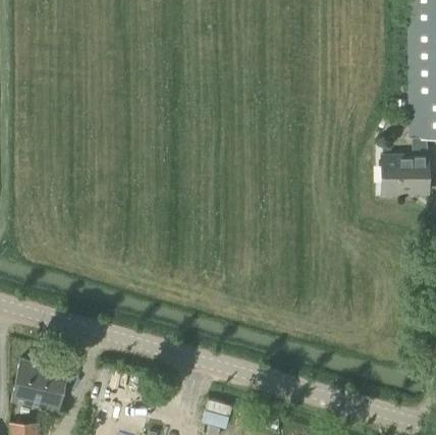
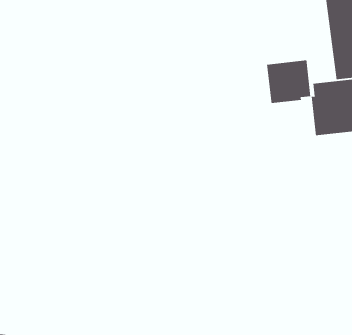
building: none -> [267,60,311,104]

